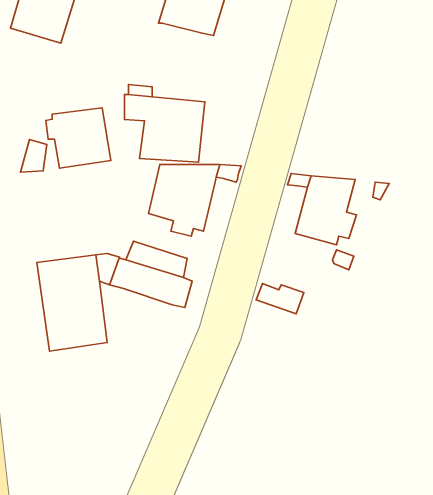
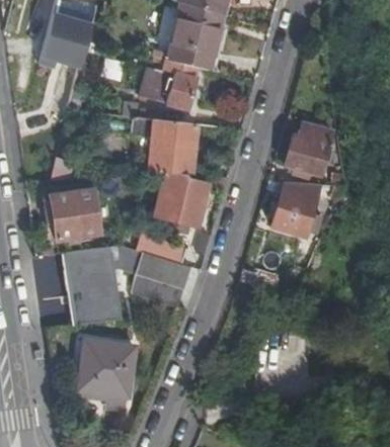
building: none -> [145,59,198,109]
building: none -> [284,125,334,177]
building: [46,108,111,168] -> [46,190,98,239]
building: none -> [128,273,173,305]
building: none -> [78,339,133,396]

